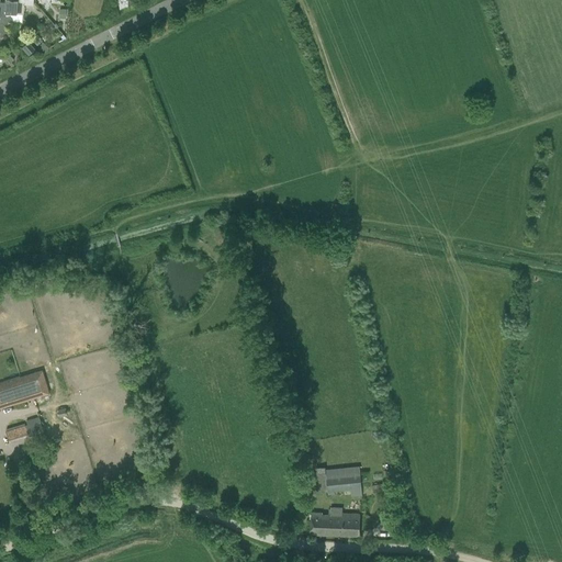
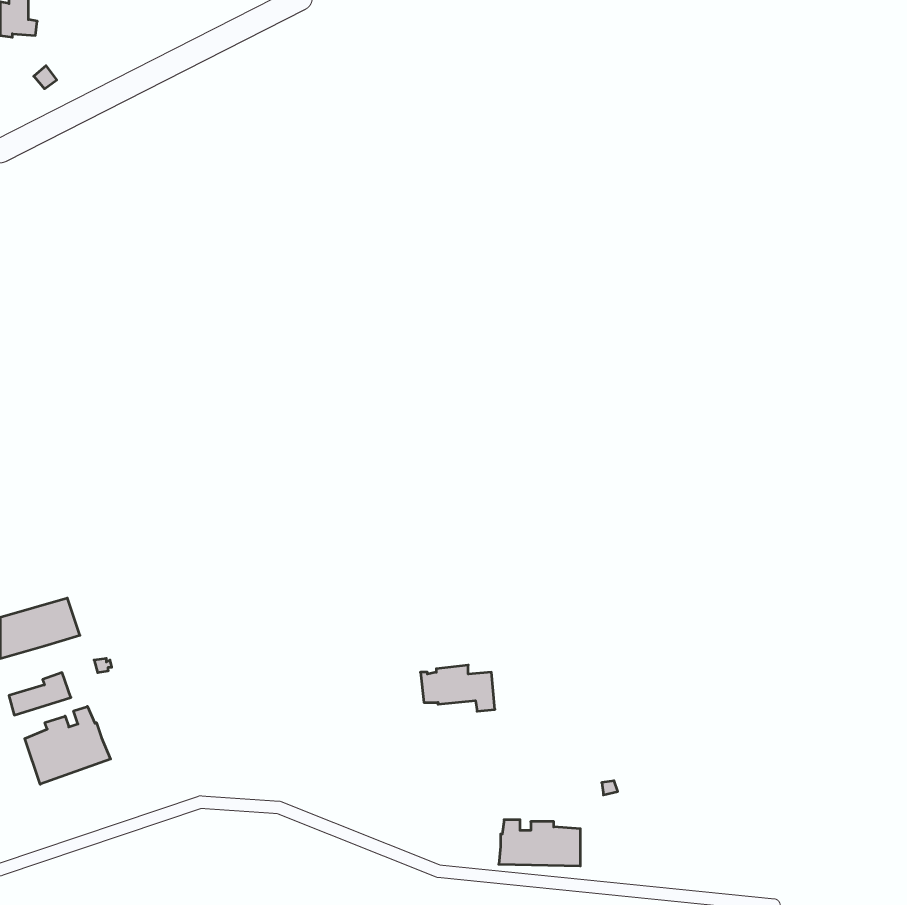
building: none -> [25,706,111,784]
building: [316,467,362,495] -> [420,665,495,711]

